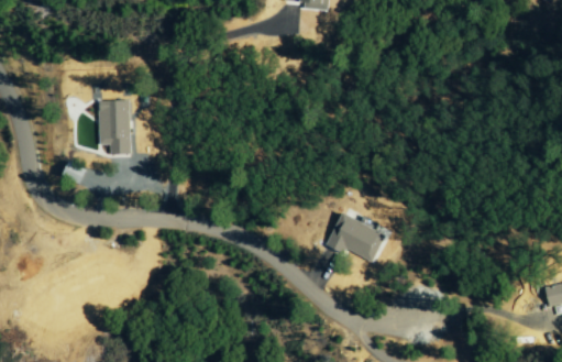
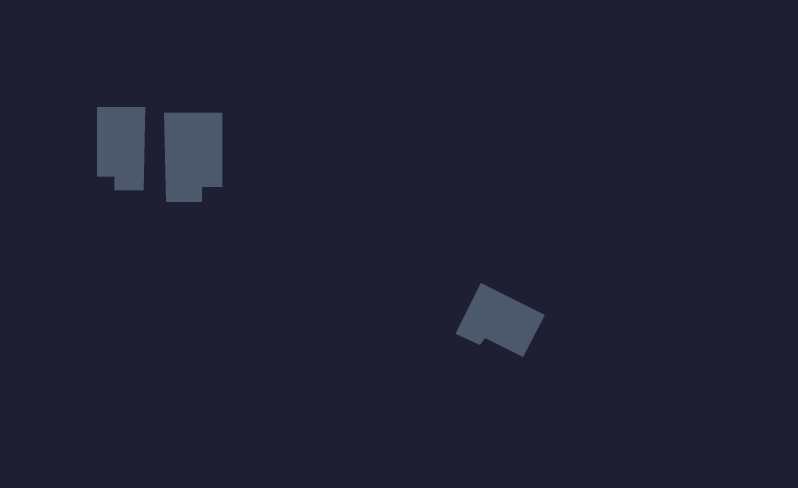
building: none -> [164,112,223,203]

